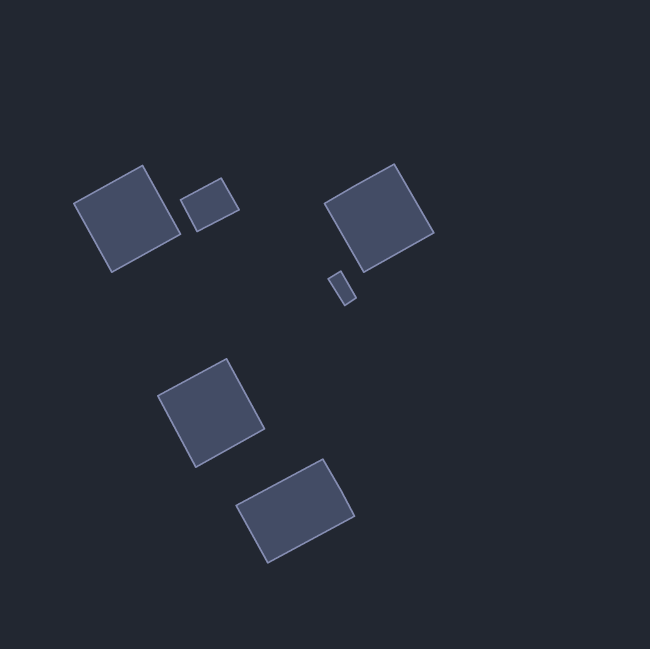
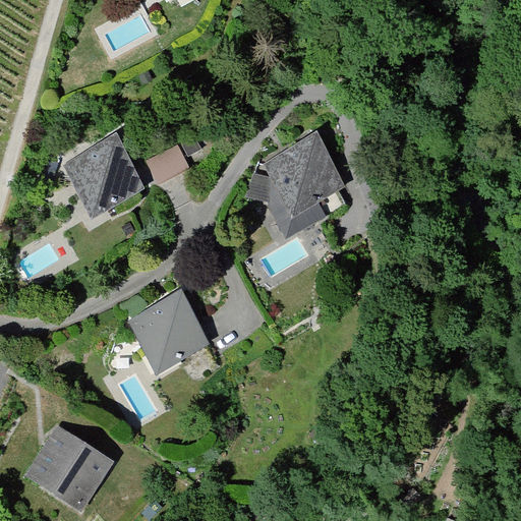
building: [236,459,354,563] -> none
building: none -> [22,424,115,514]

